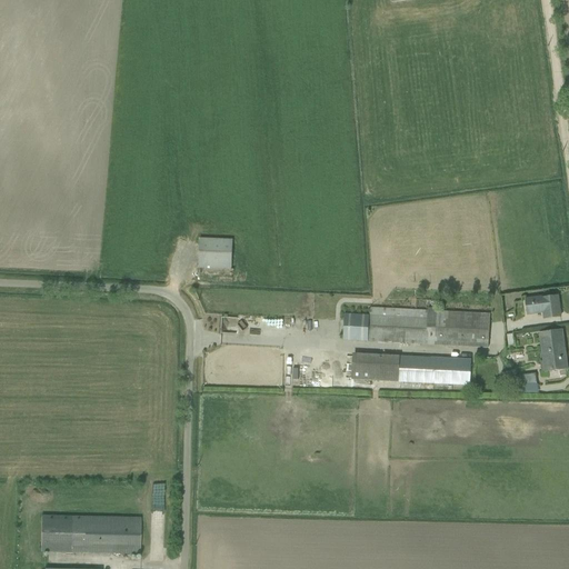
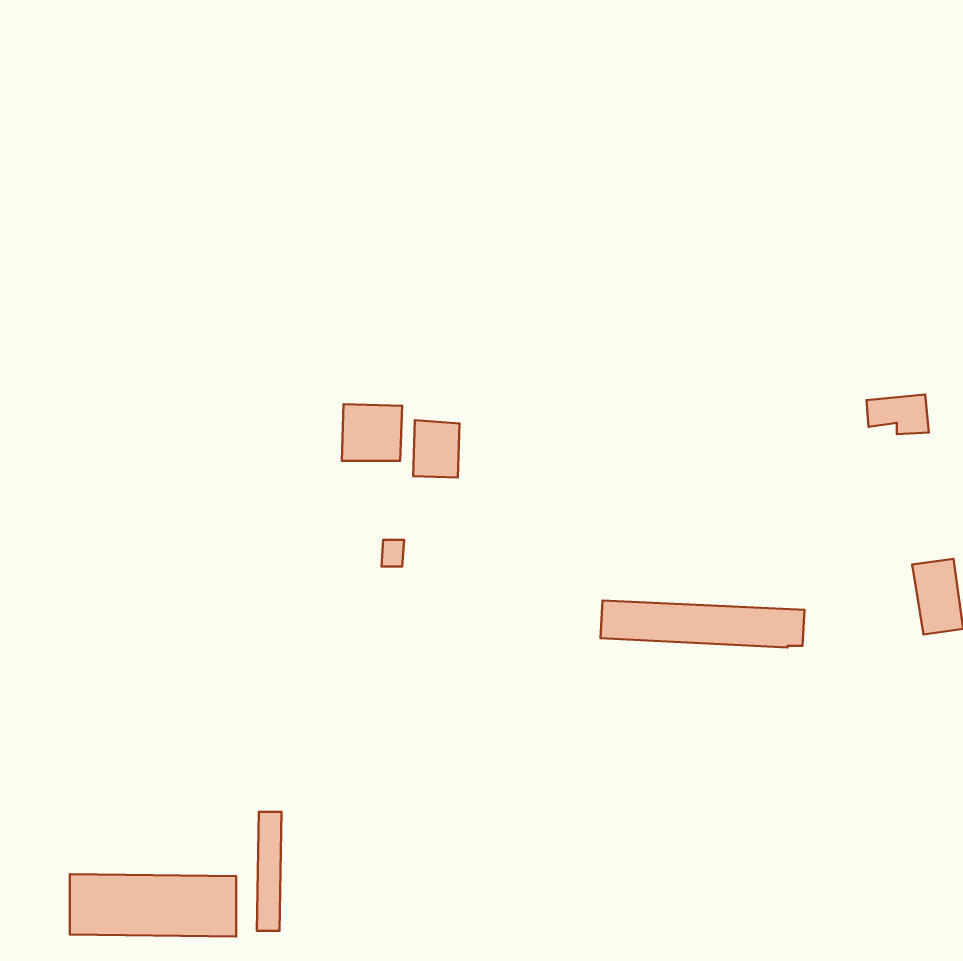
building: none -> [413,420,460,477]
building: [523,295,560,318] -> [867,395,929,434]
building: [346,307,493,349] -> none

